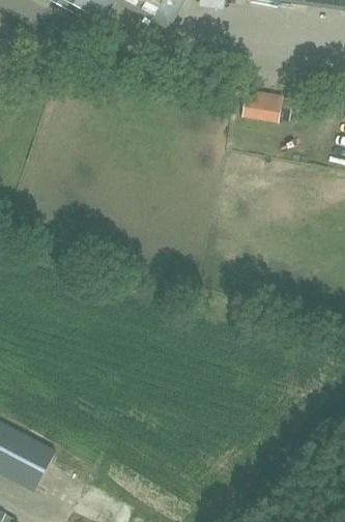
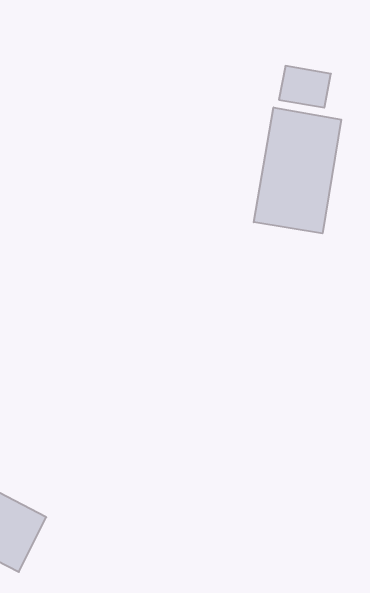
building: none -> [254,107,341,233]

